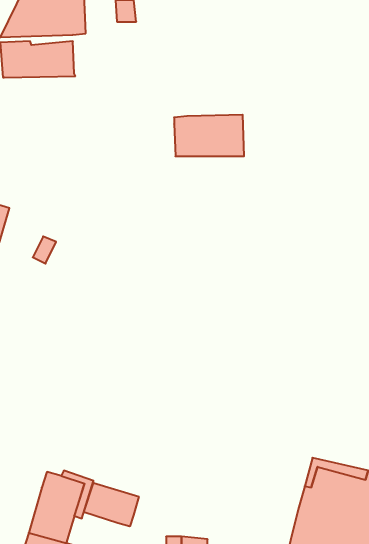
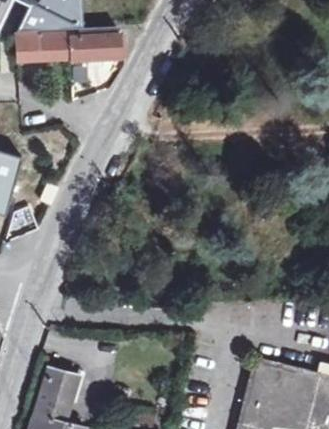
building: [174,115,244,156] -> [70,26,124,58]
building: [84,483,139,526] -> none

